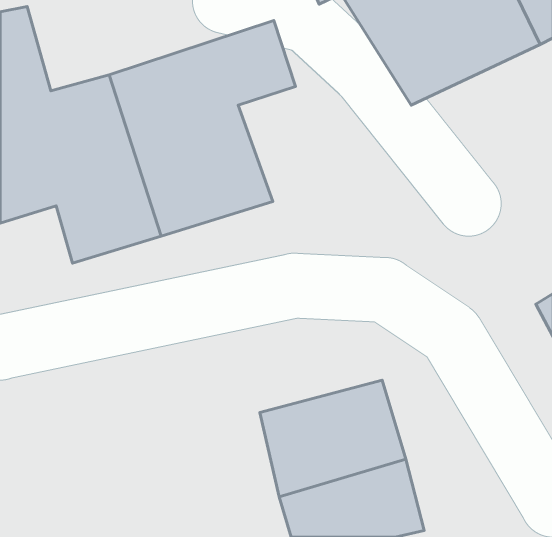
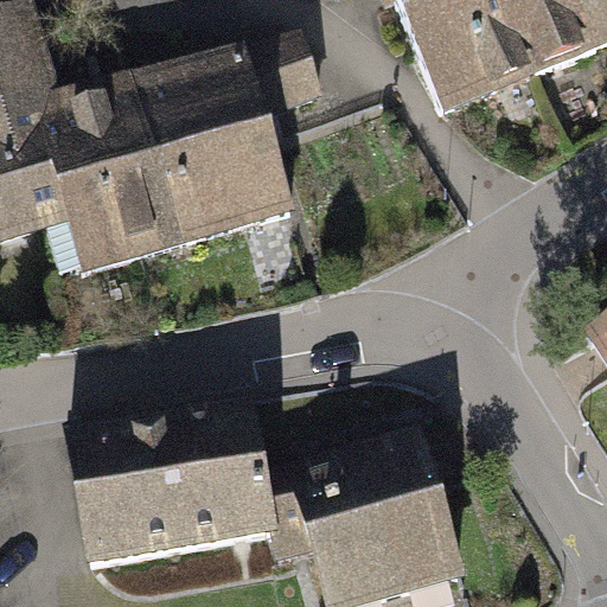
building: none -> [63,408,280,574]

